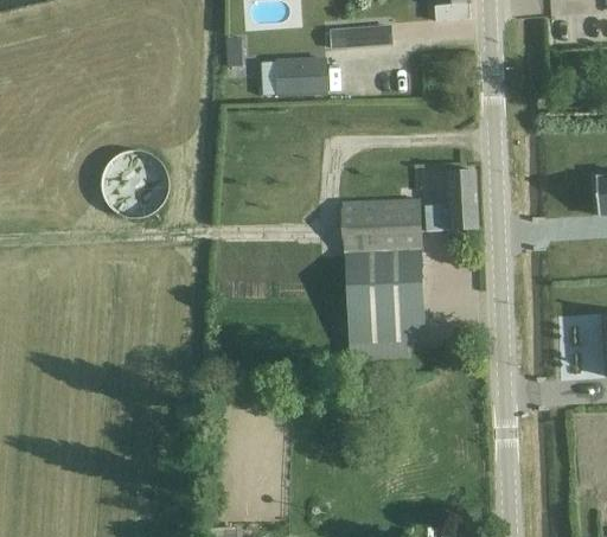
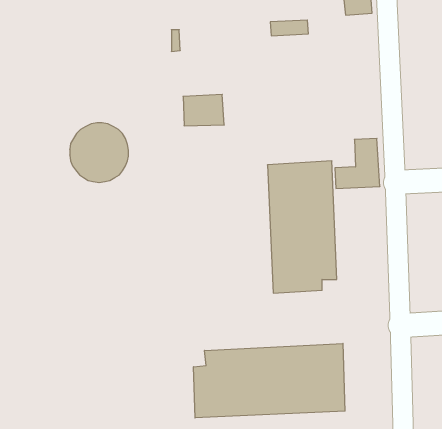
building: [274,57,324,95] -> [183,94,224,126]
building: none -> [194,343,345,418]

